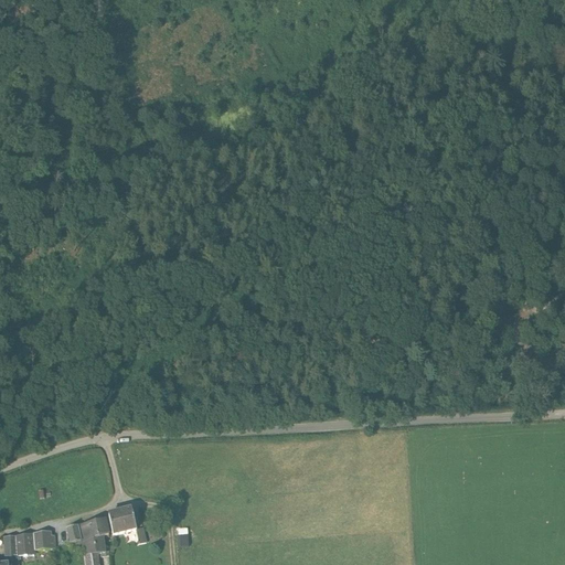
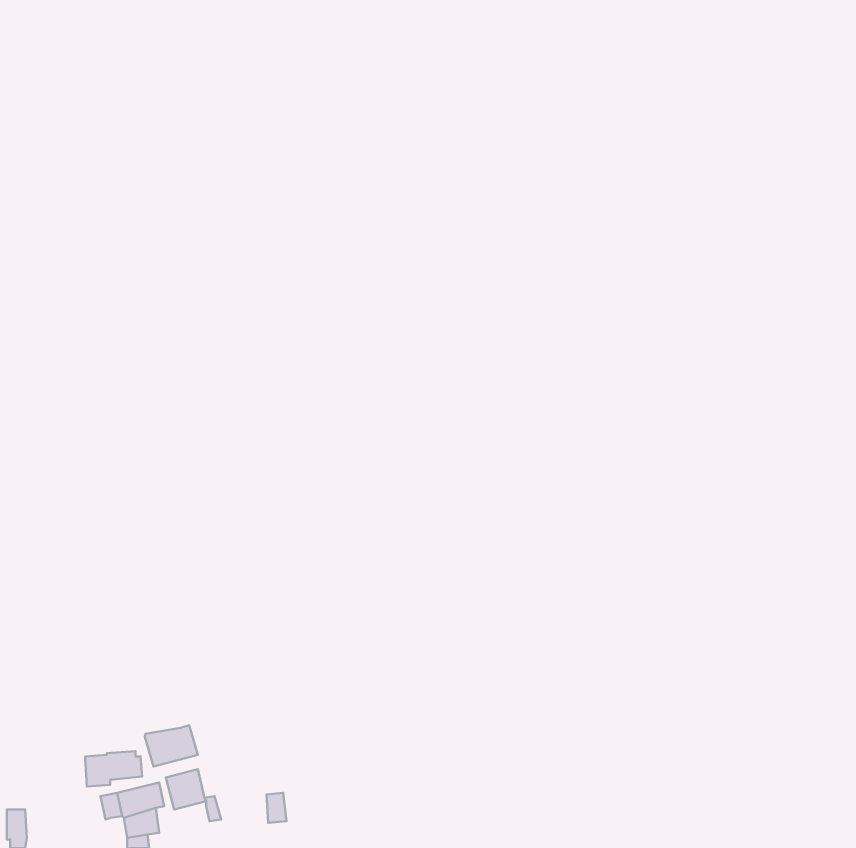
building: none -> [145,725,198,766]
building: [17,529,54,552] -> [85,751,142,787]

